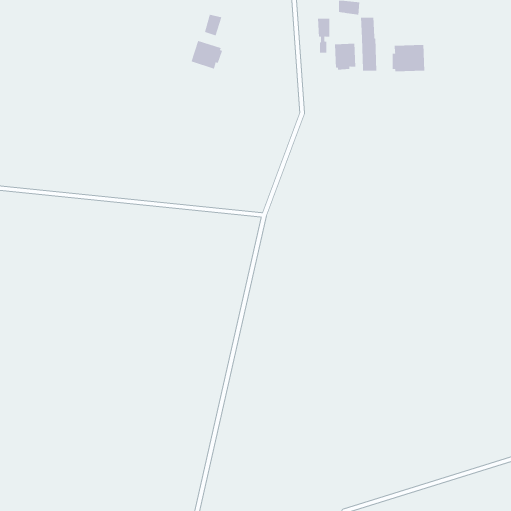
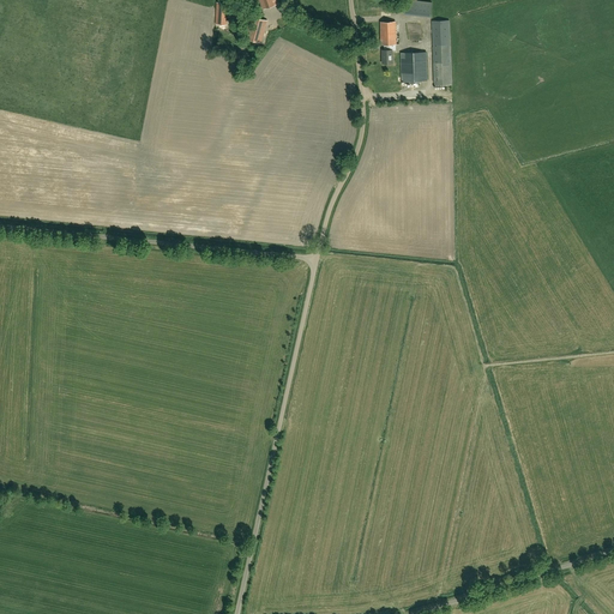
building: [191,40,223,69] -> none
building: [392,44,425,72] -> none

